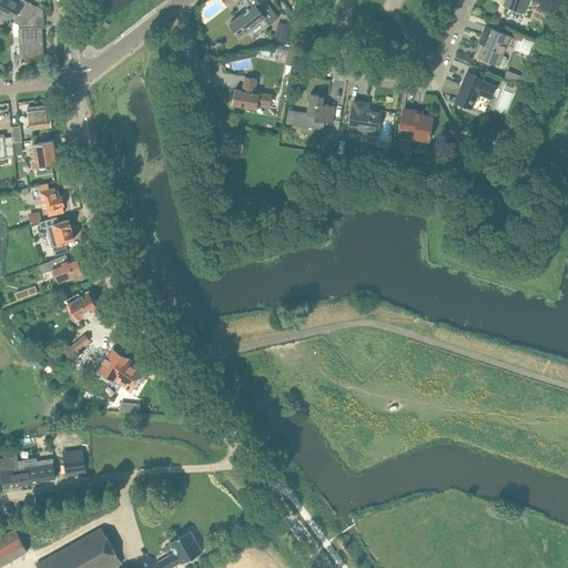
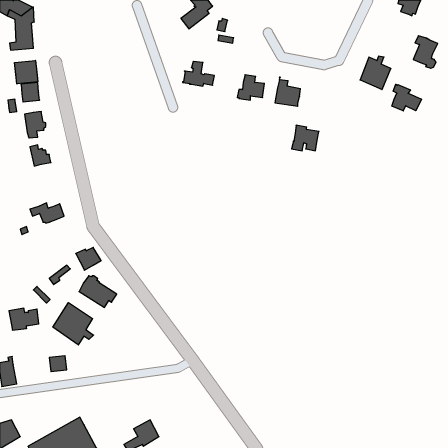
building: [478,28,509,69] -> [413,36,438,68]
building: none -> [15,60,38,84]
building: none -> [392,84,421,111]
building: [397,110,432,142] -> [292,125,319,151]
building: [39,217,73,247] -> none
building: [65,292,98,321] -> [76,247,101,270]
building: none -> [53,303,94,345]
building: [17,458,54,486] -> [9,308,39,330]

